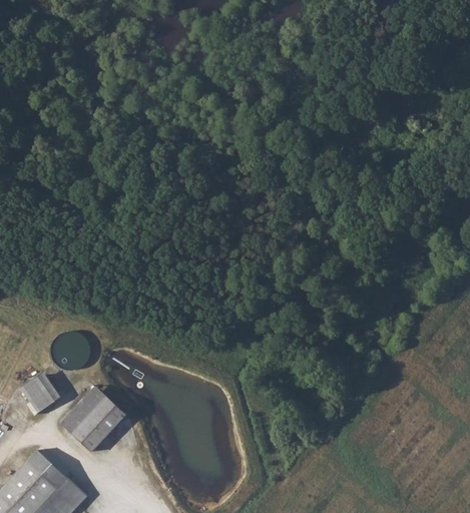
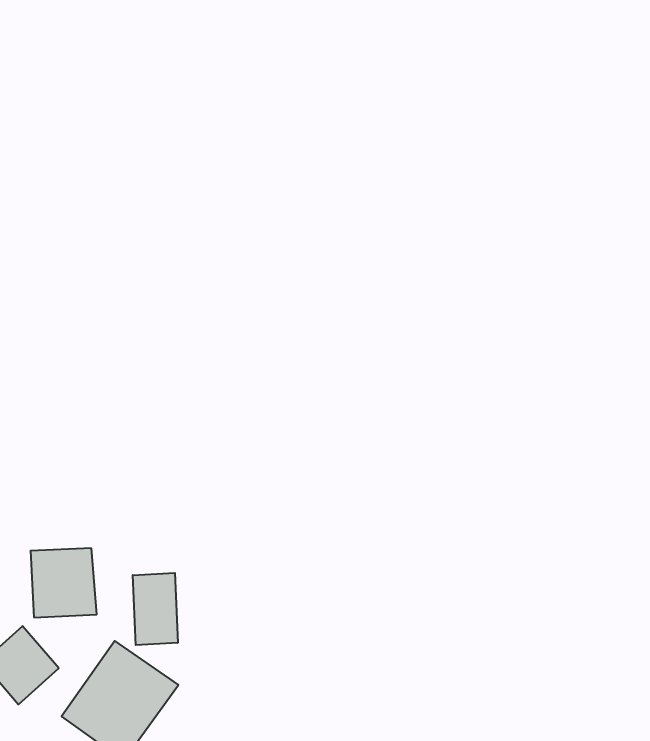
building: none -> [133,573,178,645]

